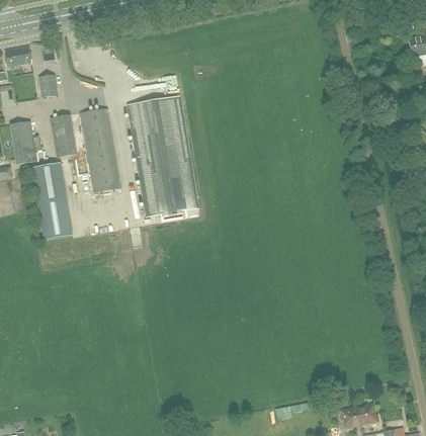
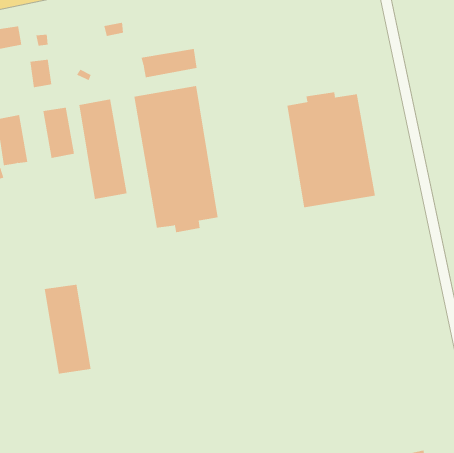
building: none -> [141,48,197,78]
building: none -> [287,91,376,208]
building: [34,163,75,239] -> [44,284,92,374]

